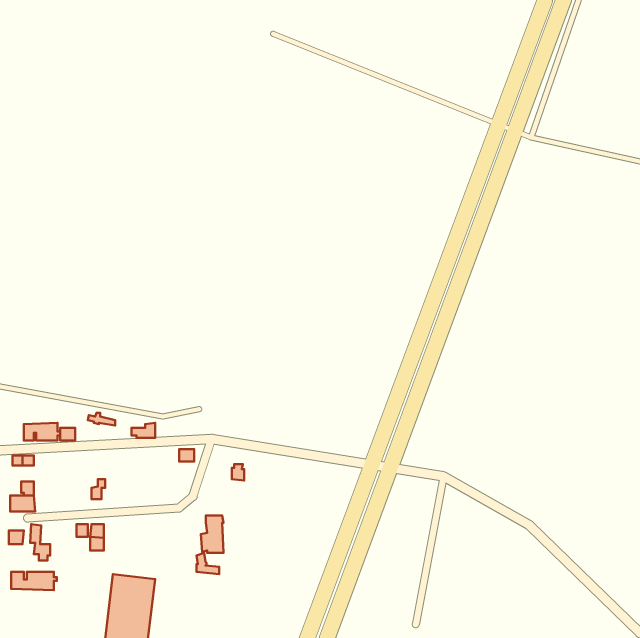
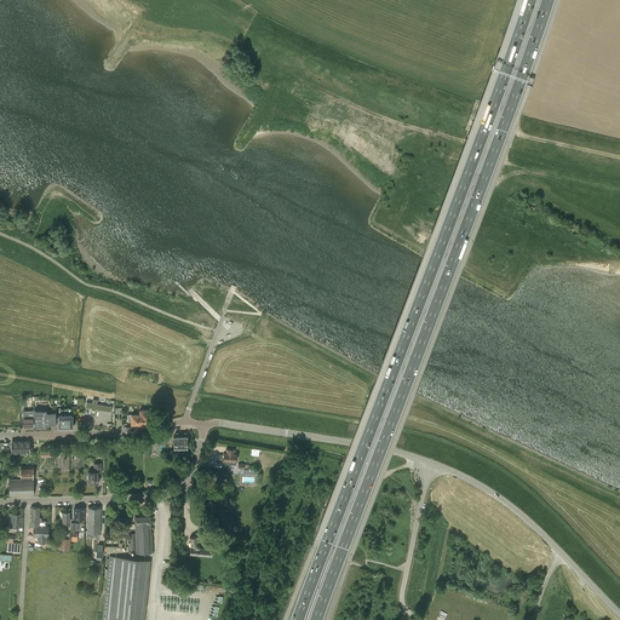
building: [201,515,223,553] -> [130,517,151,553]
building: [11,572,57,590] -> none

